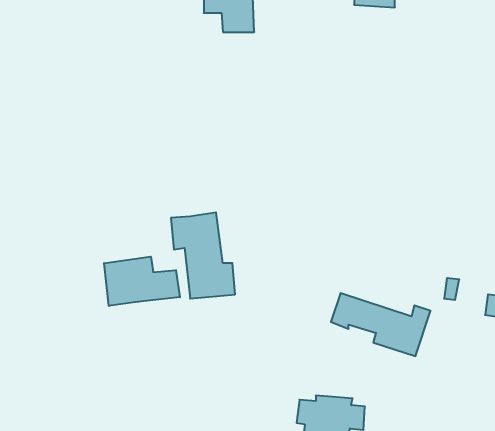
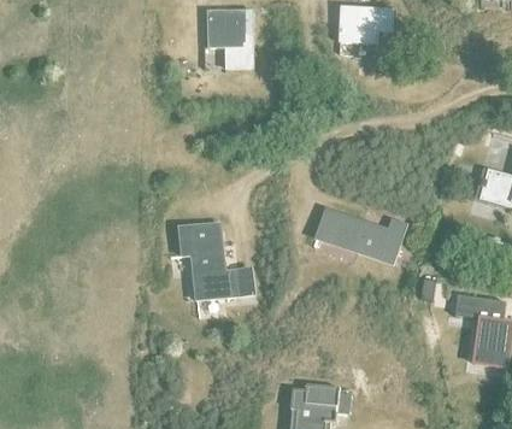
building: [104,257,180,306] -> none
building: [331,293,431,356] -> [317,208,405,264]

